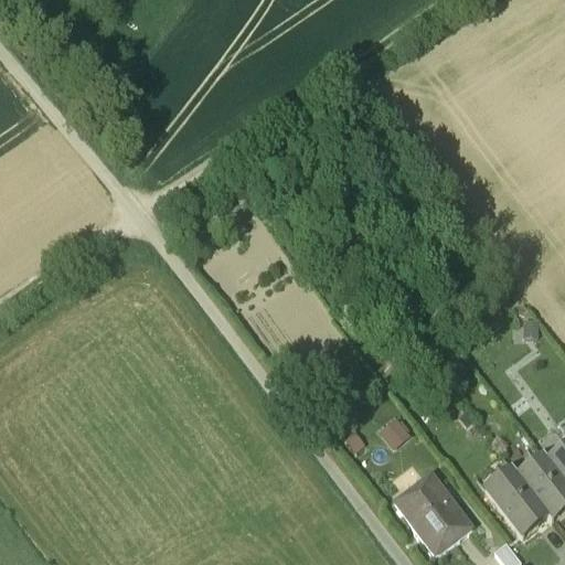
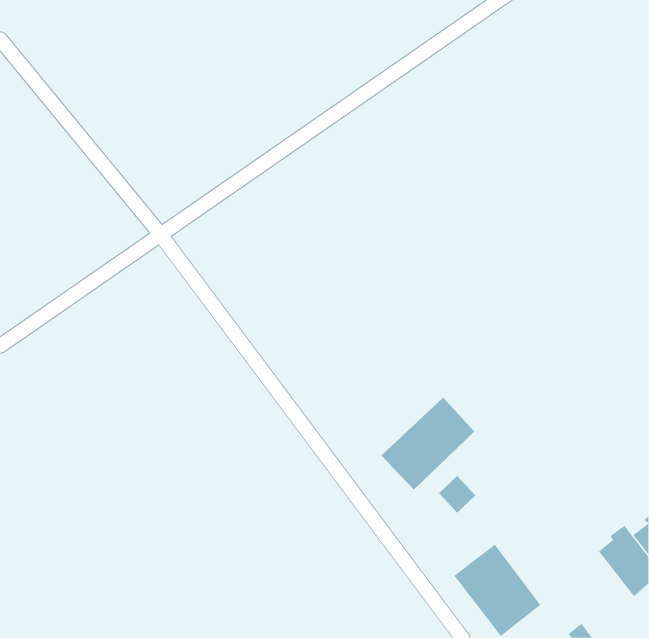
building: none -> [380,397,475,490]
building: [484,468,547,536] -> none

